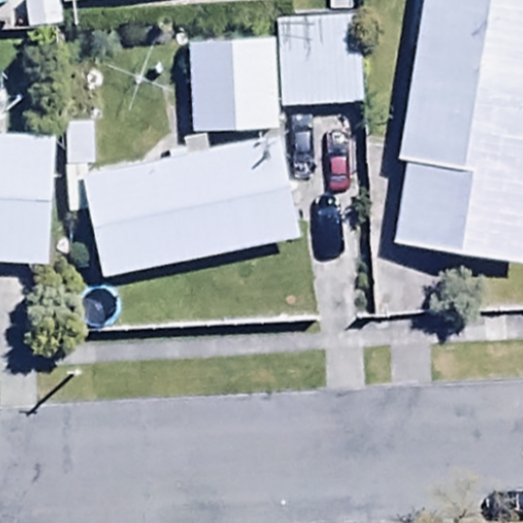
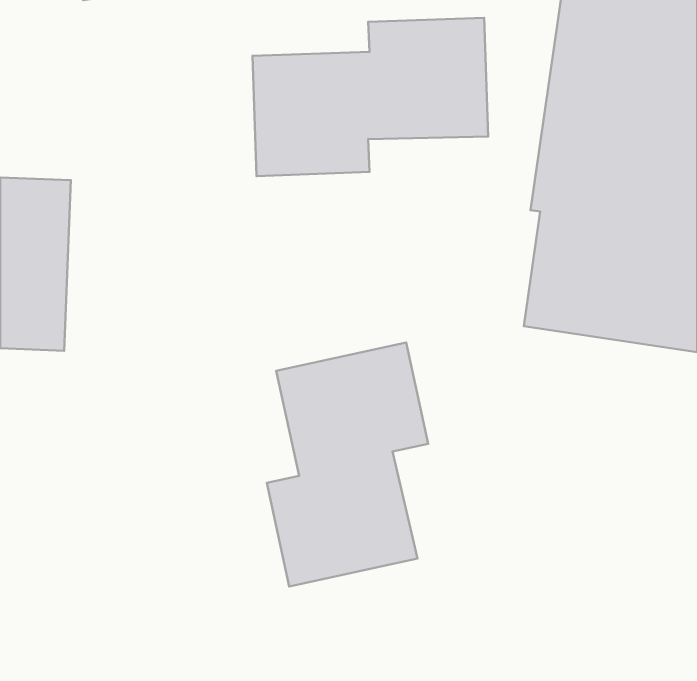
building: [83,133,299,278] -> none
building: none -> [267,343,428,586]

